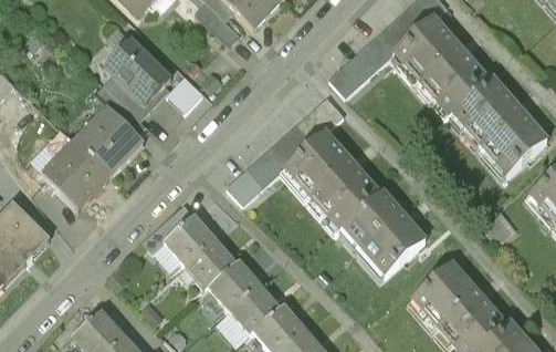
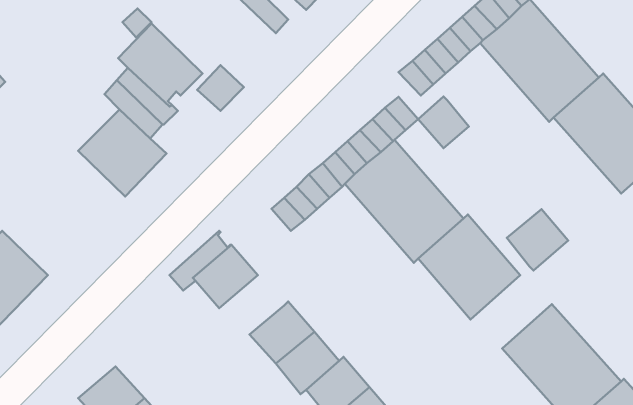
building: none -> [418,96,469,148]
building: [40,141,109,210] -> none
building: none -> [507,209,568,271]
building: [185,240,237,290] -> none

